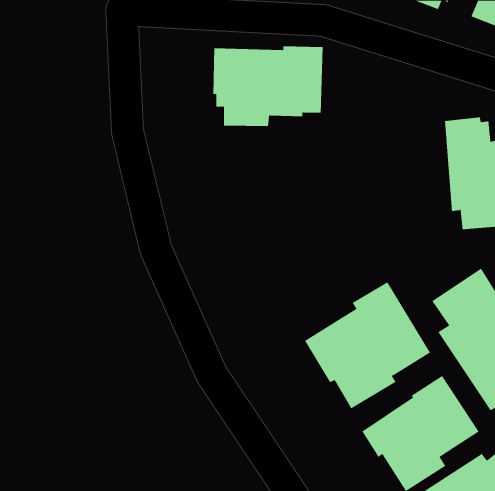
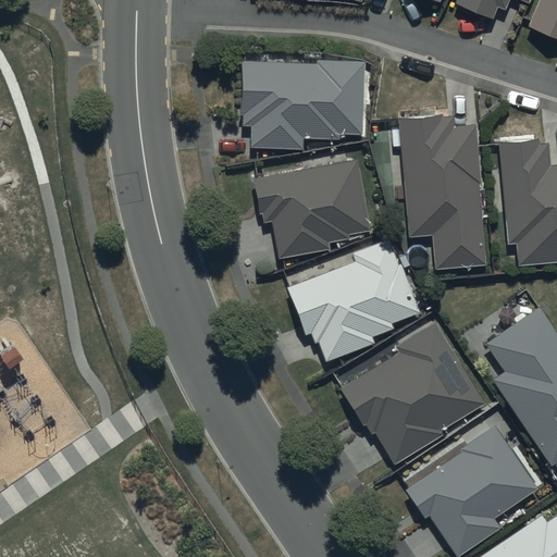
building: none -> [398,114,485,269]
building: none -> [253,161,370,258]
building: none -> [287,238,420,362]

